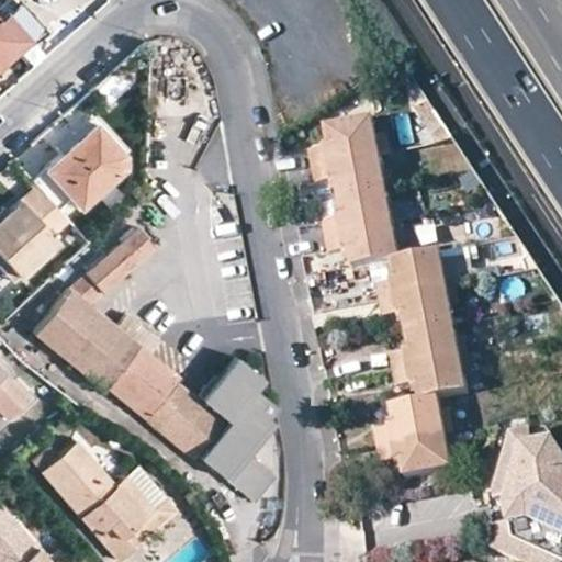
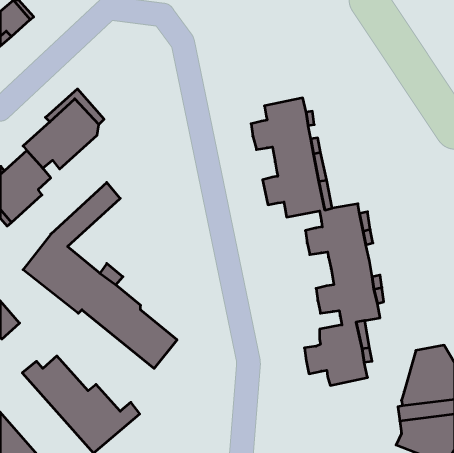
building: [198,355,274,499] -> none

